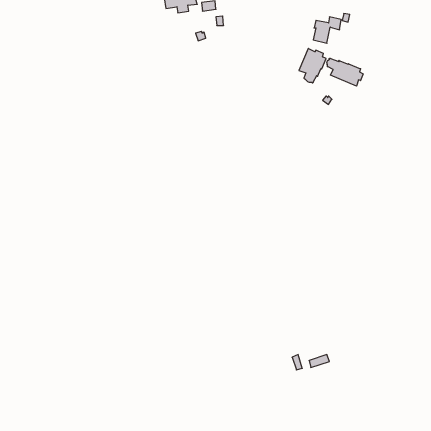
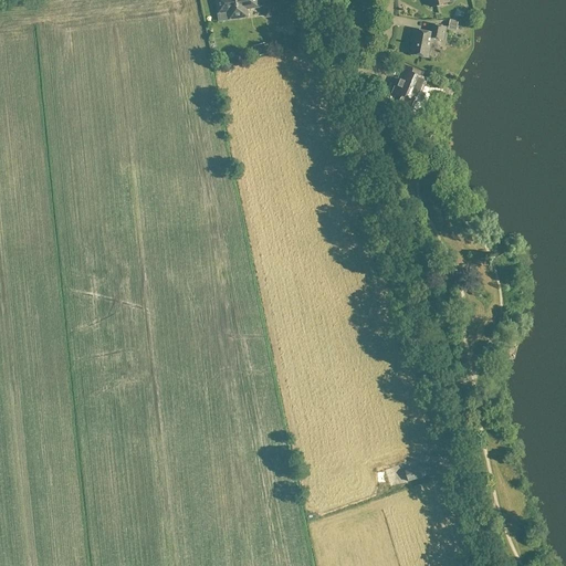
building: [327,58,363,86] -> none

